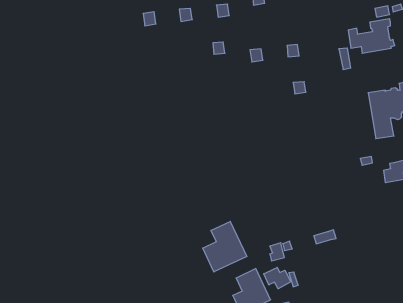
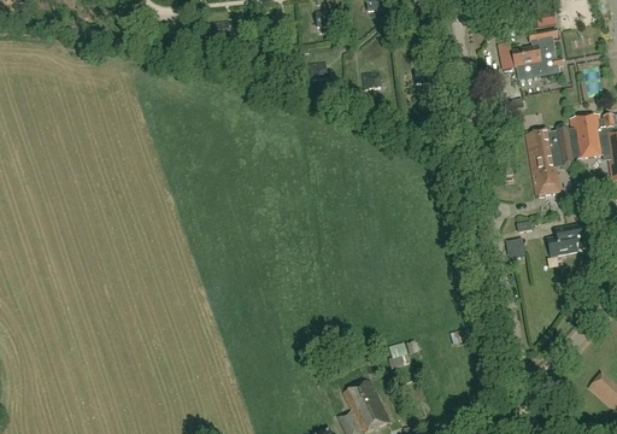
building: [203,221,247,272] -> none
building: [264,267,291,289] -> none

